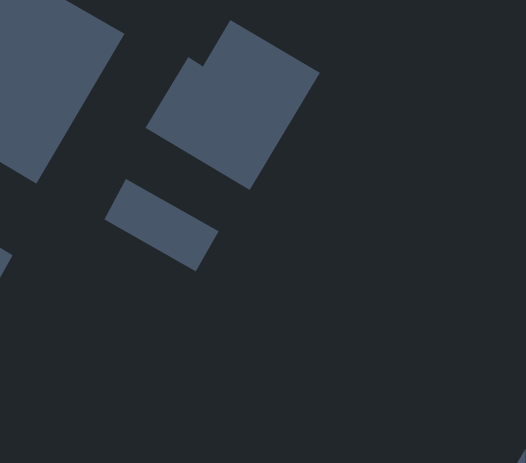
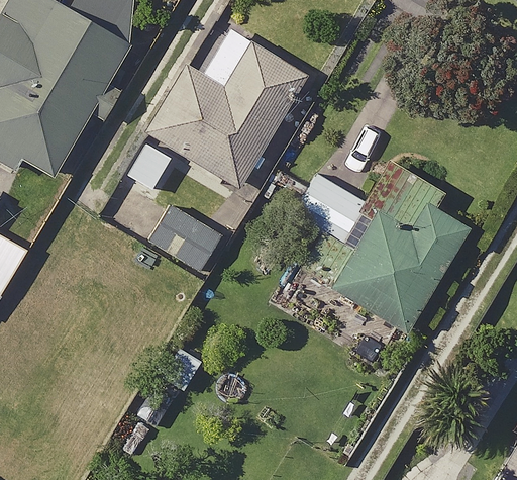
building: none -> [291,164,474,331]

